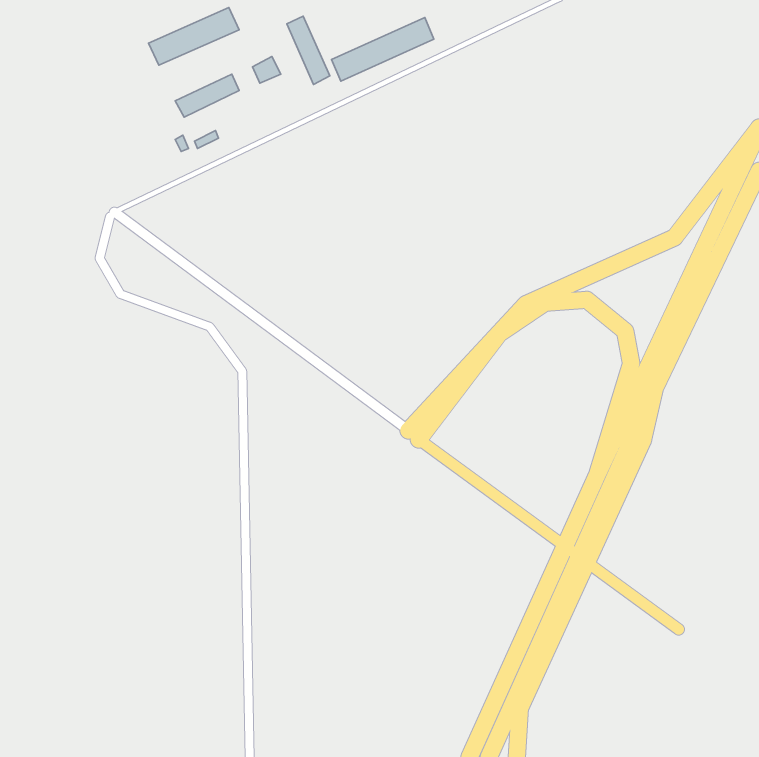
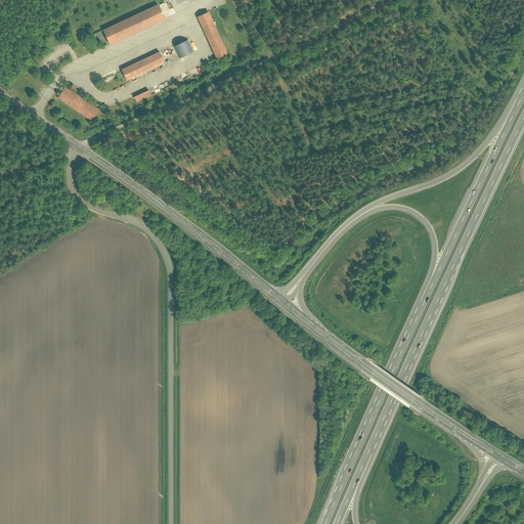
building: [332,18,434,81] -> none
building: none -> [57,85,99,120]

